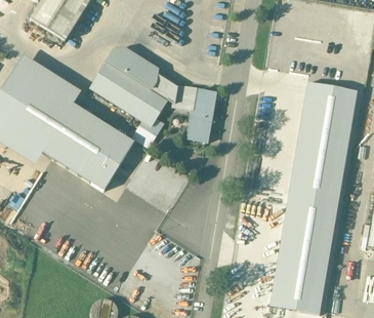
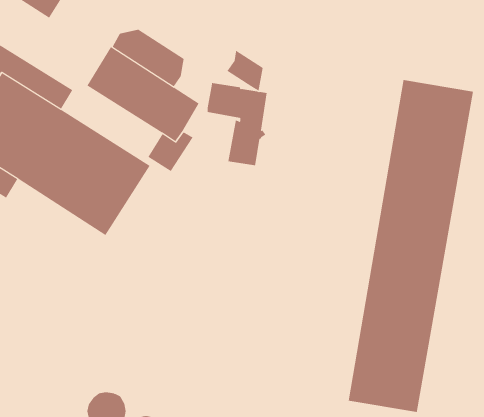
building: [151,73,176,102] -> [227,50,264,92]

